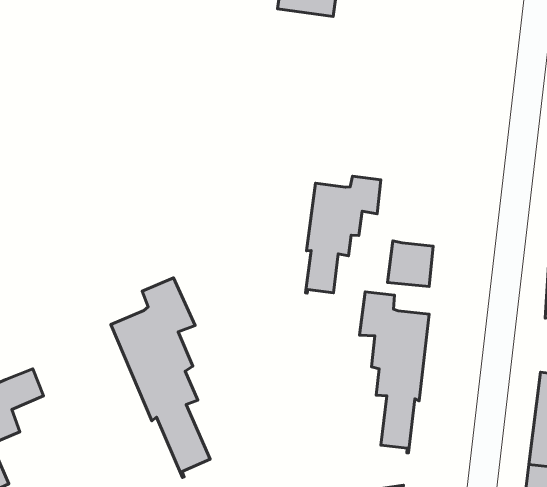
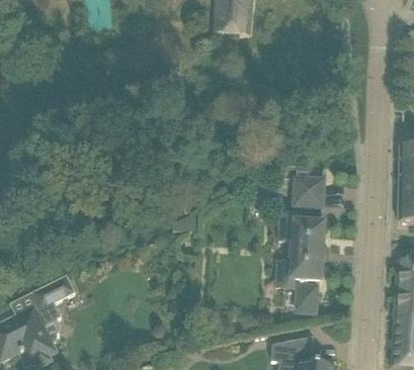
building: [306,176,381,293] -> none
building: [111,278,210,477] -> none

